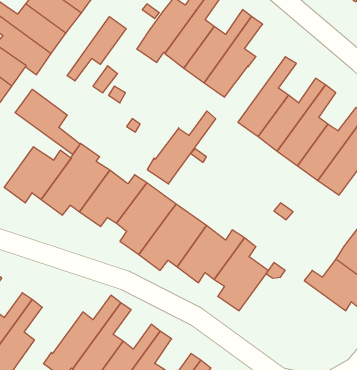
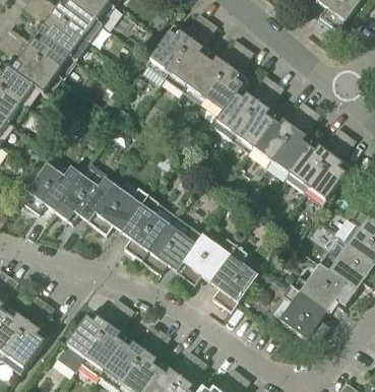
building: [67,17,126,81] -> none
building: [15,89,80,155] -> none
building: [147,111,216,184] -> [211,74,273,140]
building: none -> [278,283,329,346]

